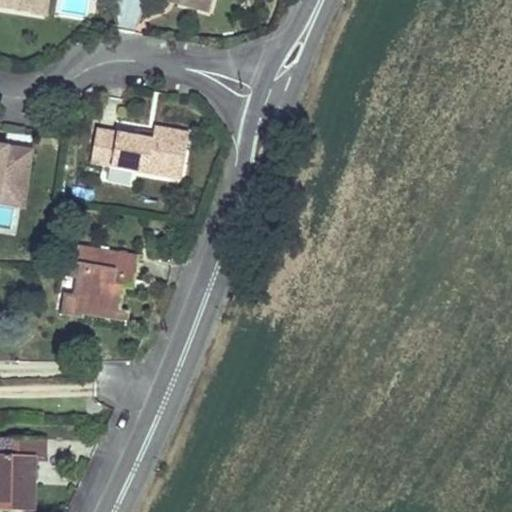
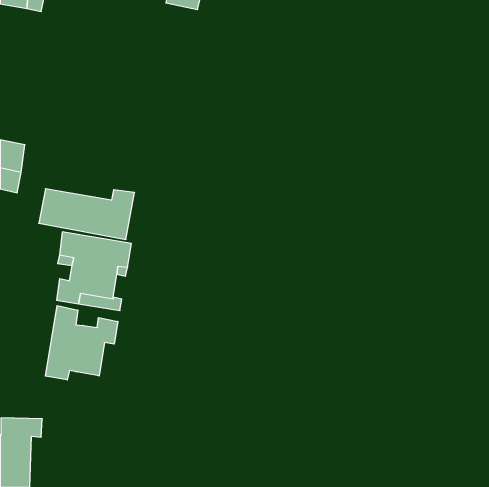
building: [88,125,188,178] -> [39,189,135,240]
building: none -> [45,306,118,380]

